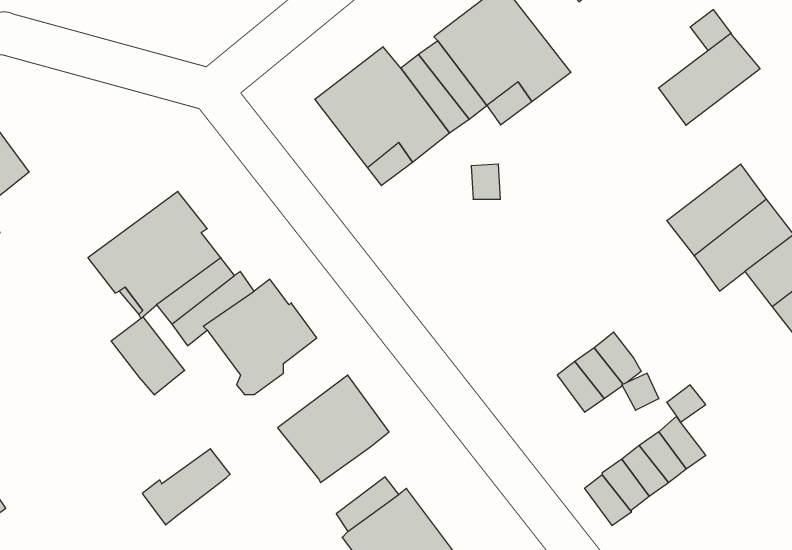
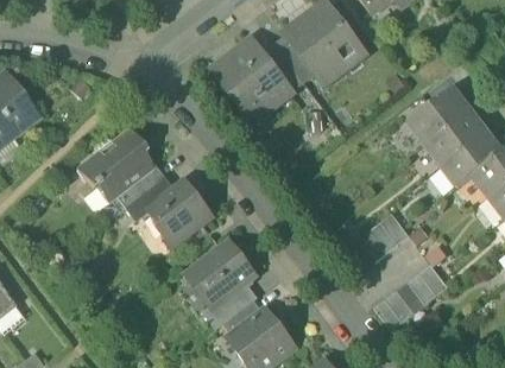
building: [658,33,760,125] -> [408,87,469,142]
building: [111,317,185,395] -> none
building: [142,449,230,525] -> [202,280,255,326]

